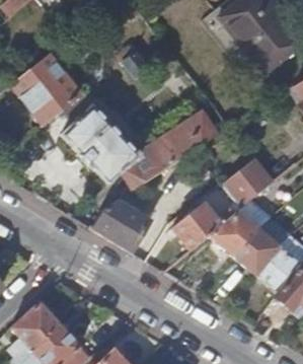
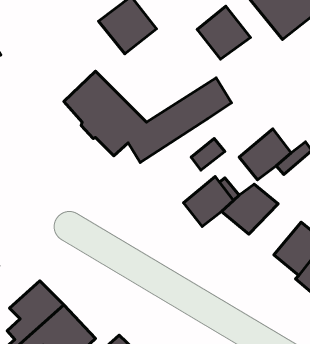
building: none -> [197,6,251,59]
building: [8,52,81,126] -> none
building: [90,199,149,250] -> none
building: [233,228,282,276] -> none

